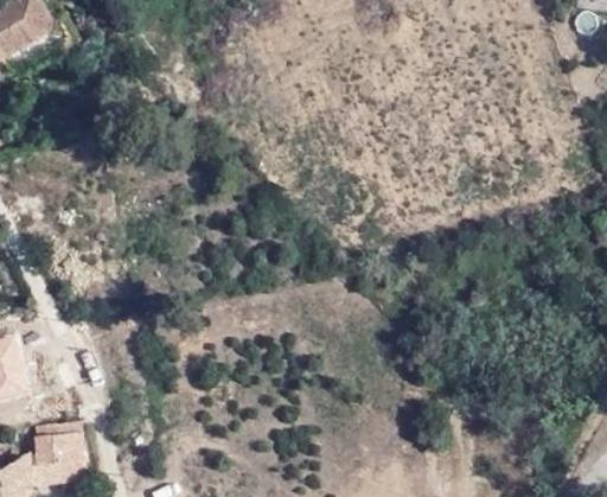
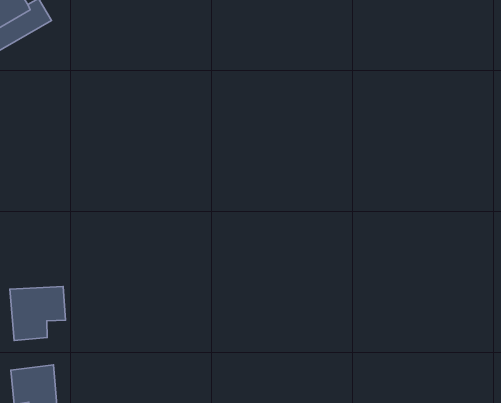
building: none -> [10,287,65,340]

